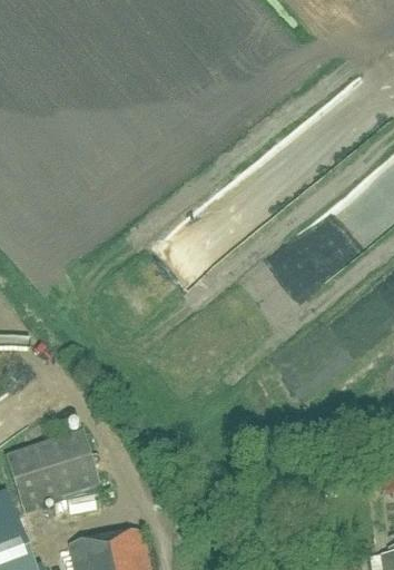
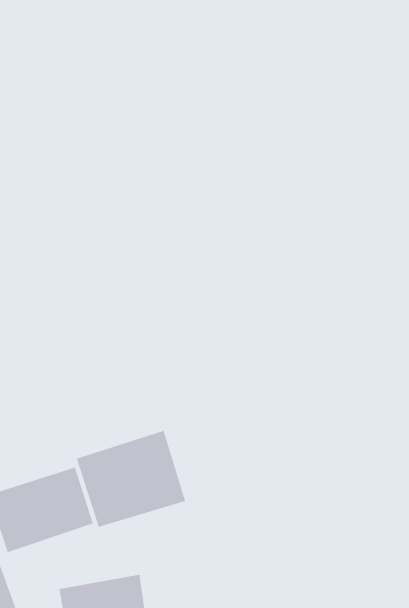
building: none -> [76,430,186,528]

